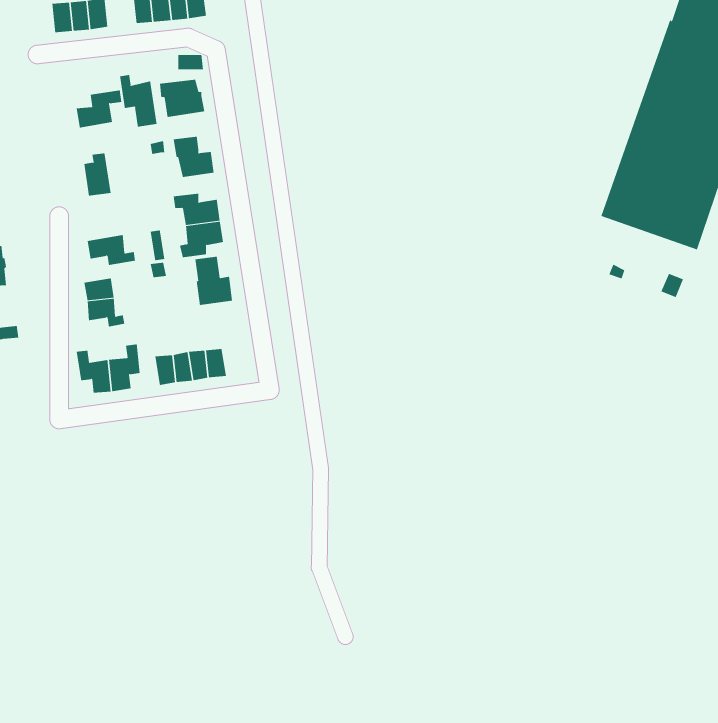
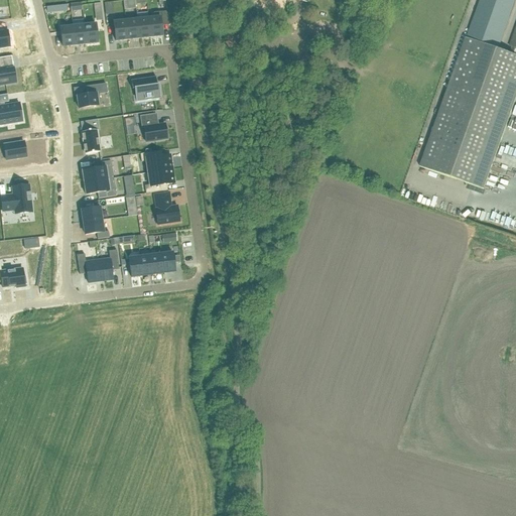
building: [120,74,157,128] -> none
building: none -> [82,158,111,180]

